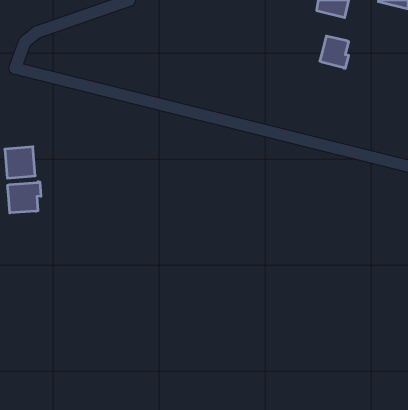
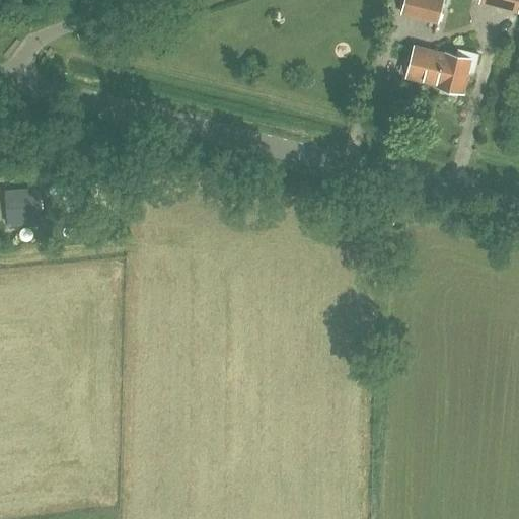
building: none -> [437,49,477,96]
building: [8,182,41,213] -> none

